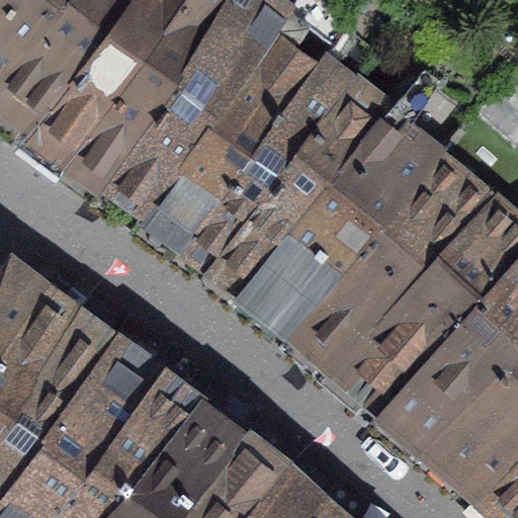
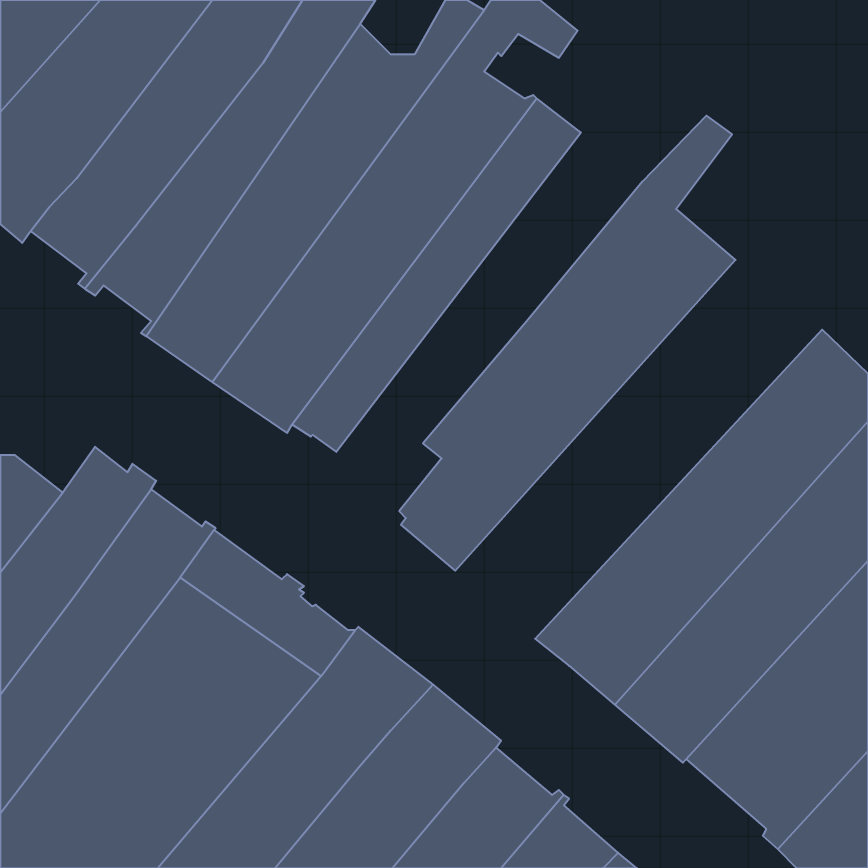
building: [194,71,382,305] -> none
building: [271,155,490,378] -> none

